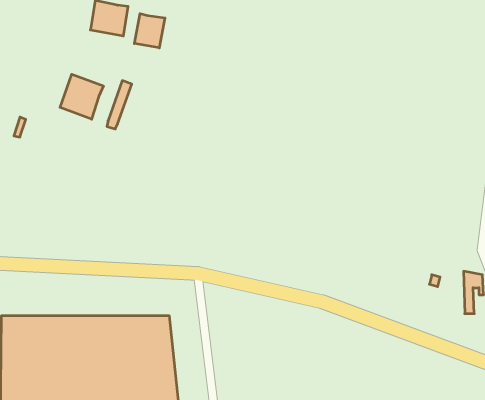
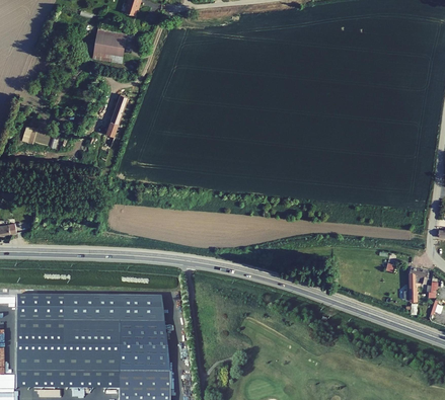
building: [134,14,165,48] -> none
building: [60,74,103,119] -> none

